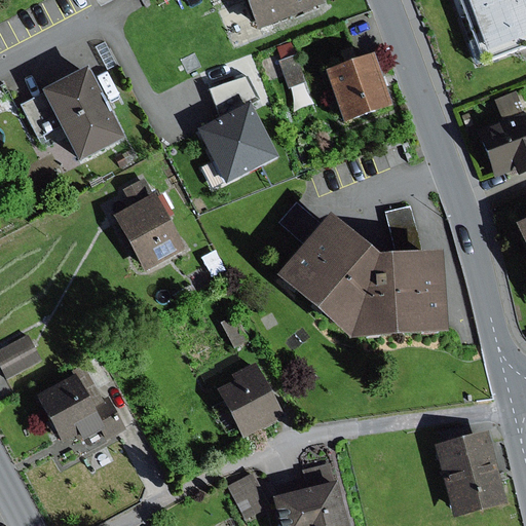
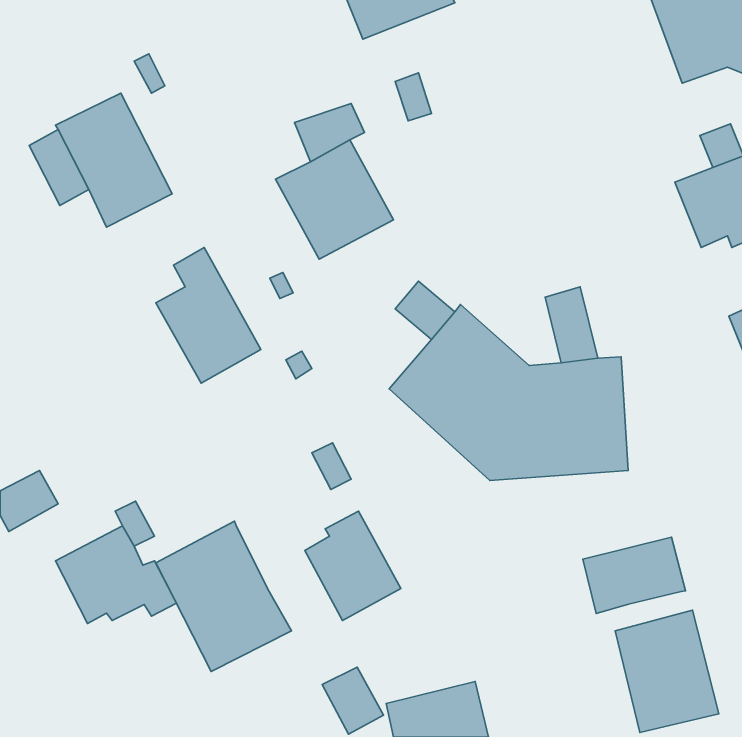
building: [326,53,390,121] -> none
building: none -> [156,521,291,671]
building: none -> [583,537,686,613]

